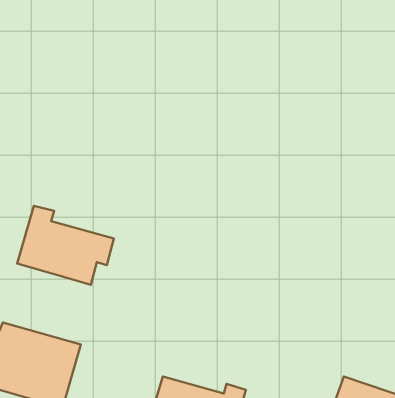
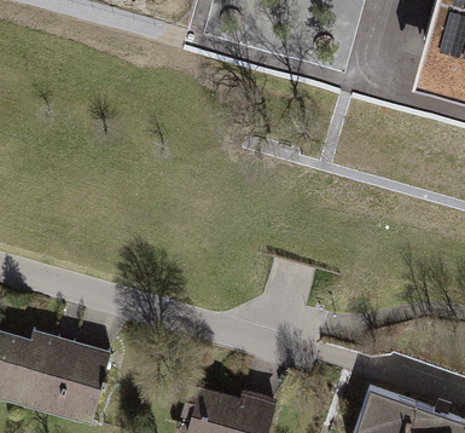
building: [17,206,114,285] -> none

